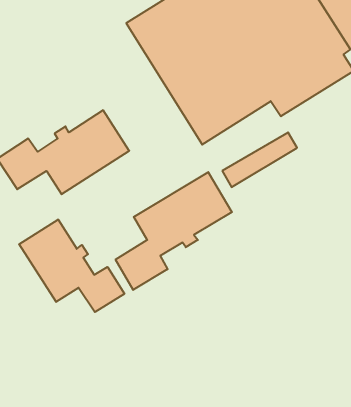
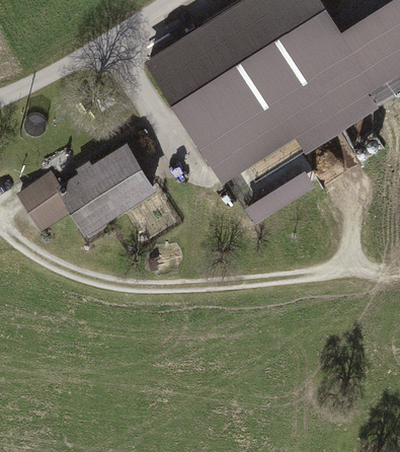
building: [116,172,232,290] -> none
building: [19,219,124,312] -> none

